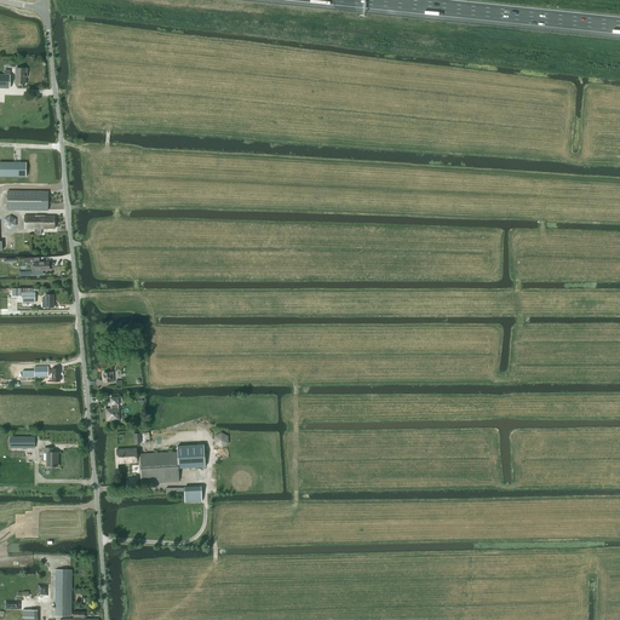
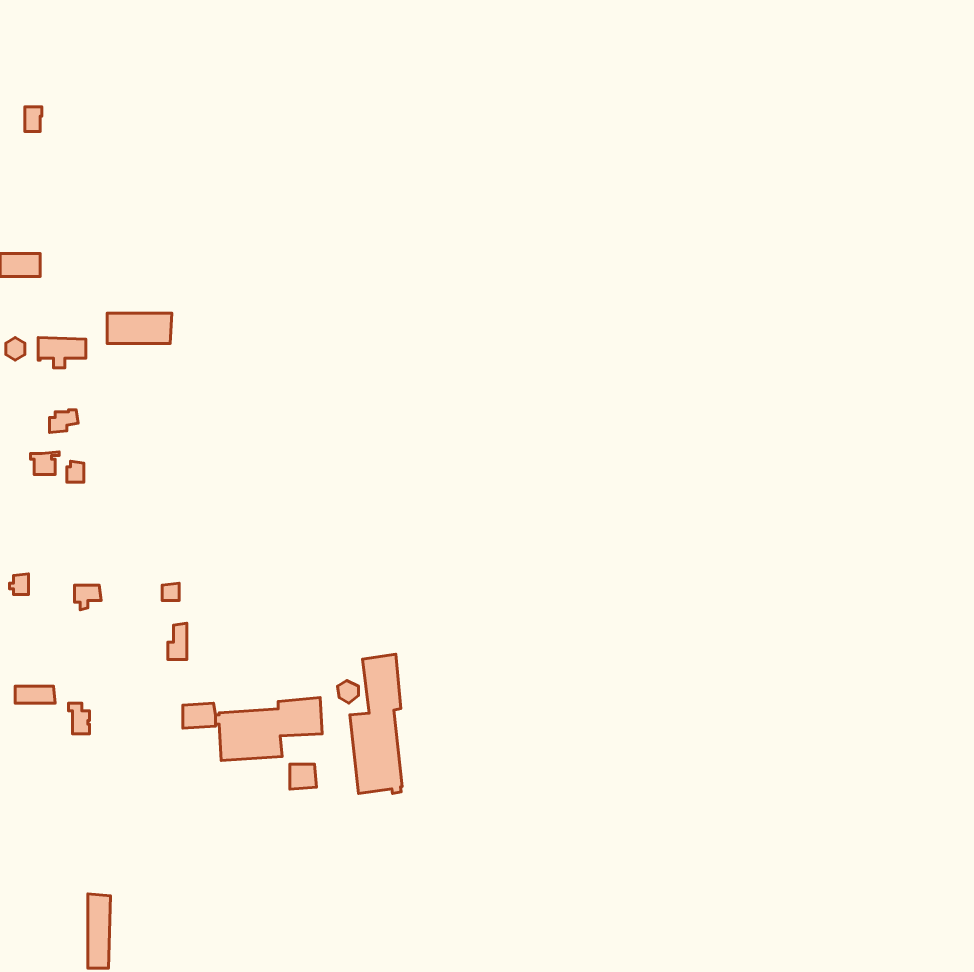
building: [7,190,48,209] -> [107,313,172,344]
building: none -> [350,654,402,794]

